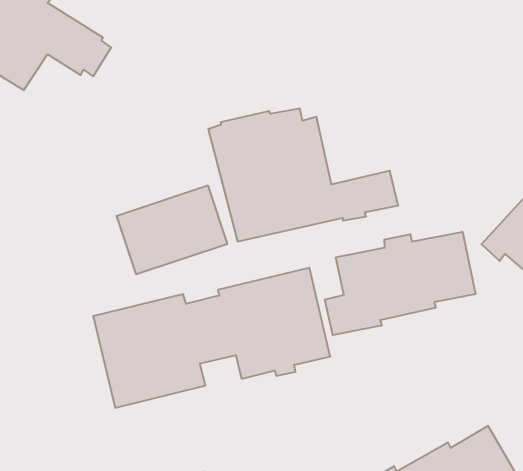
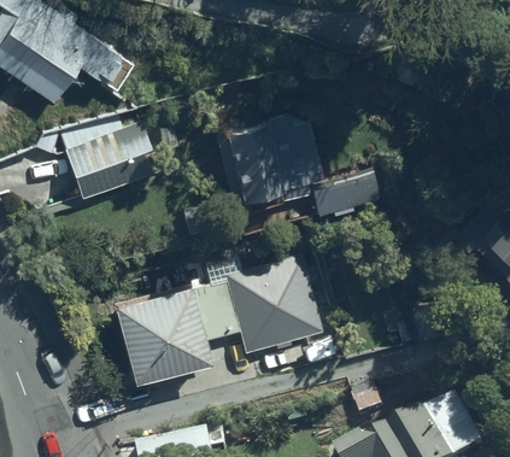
building: [116,186,227,274] -> [63,121,159,198]
building: [325,232,475,335] -> none

